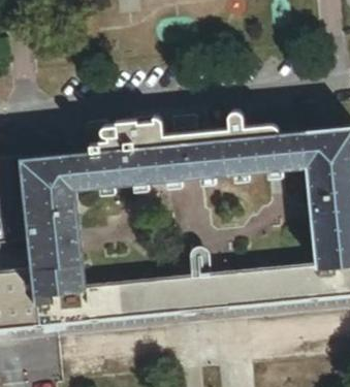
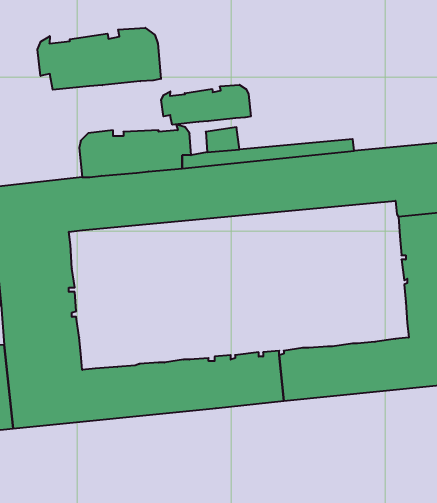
building: none -> [37,28,161,90]
building: none -> [161,85,251,125]

